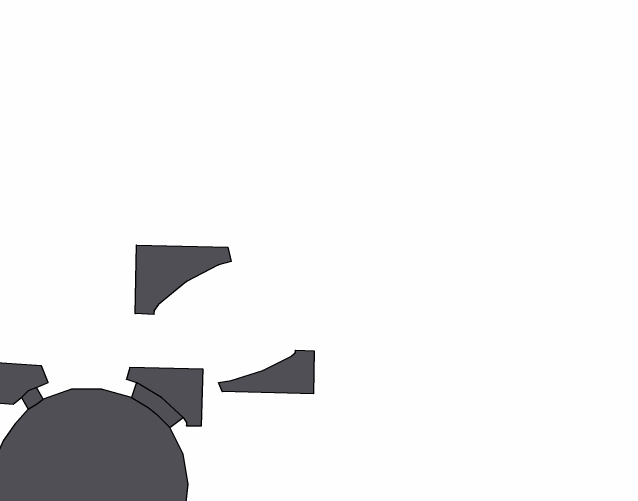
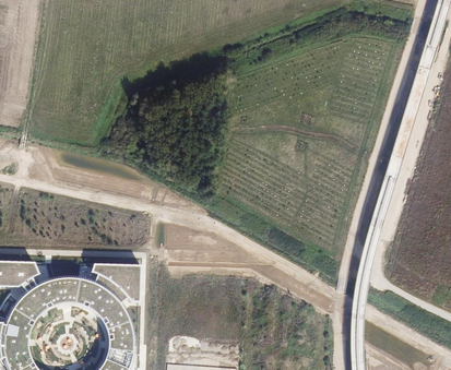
building: [135,245,231,314] -> none
building: [219,350,314,394] -> none

